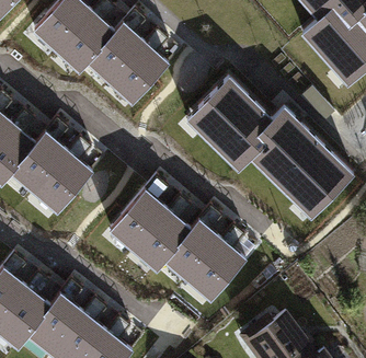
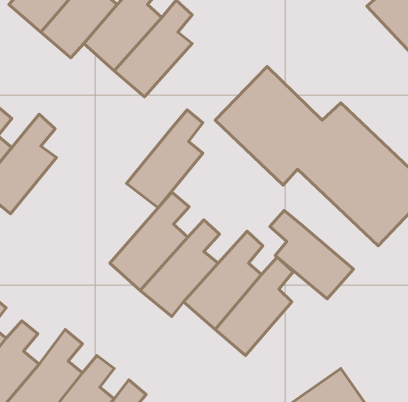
building: [33,137,91,211] -> [126,110,203,208]
building: none -> [270,211,353,299]

